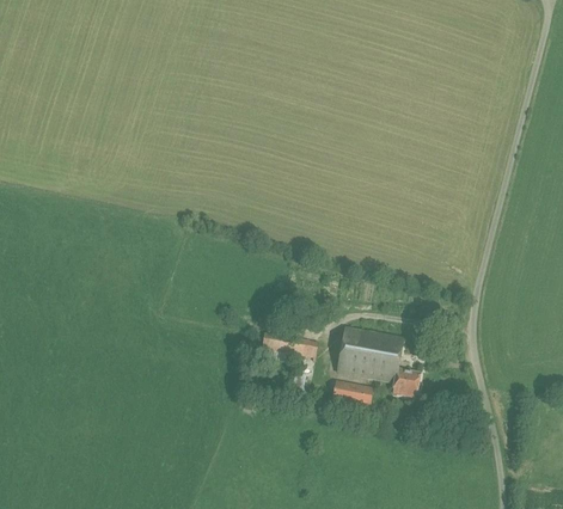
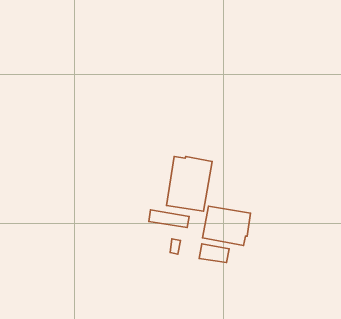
building: none -> [167,156,212,211]
building: [392,369,420,395] -> none

